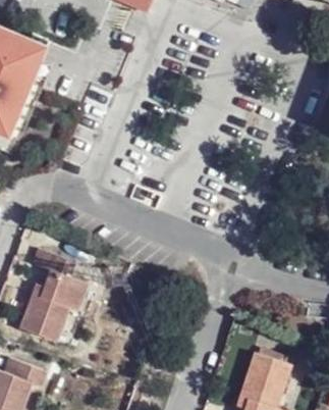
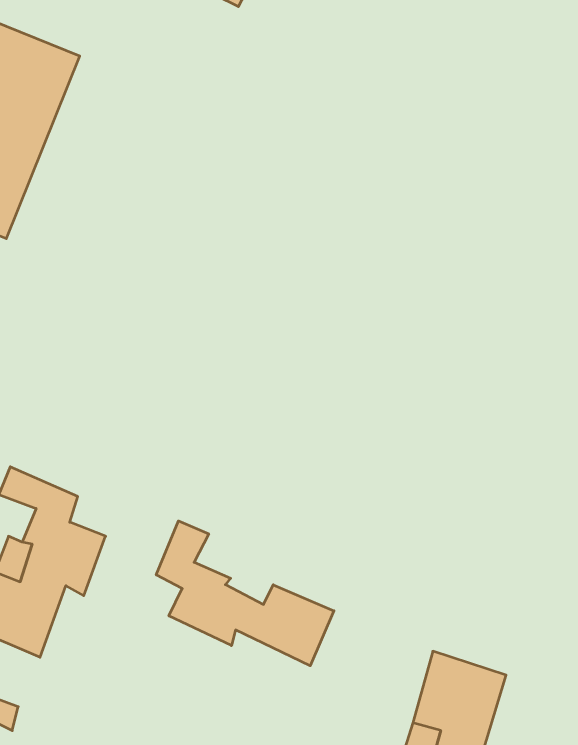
building: none -> [156,521,334,666]

